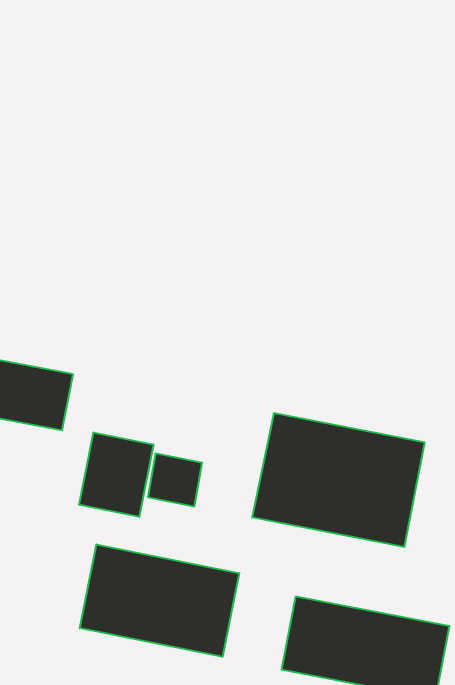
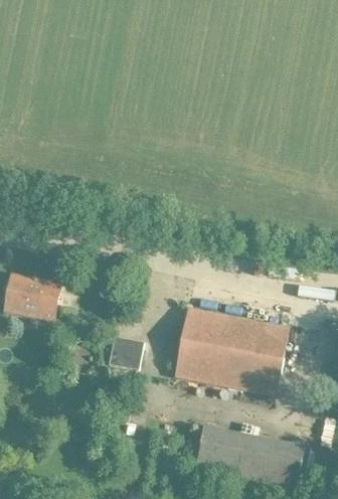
building: [79,432,153,517] -> none
building: [80,544,239,657] -> none

